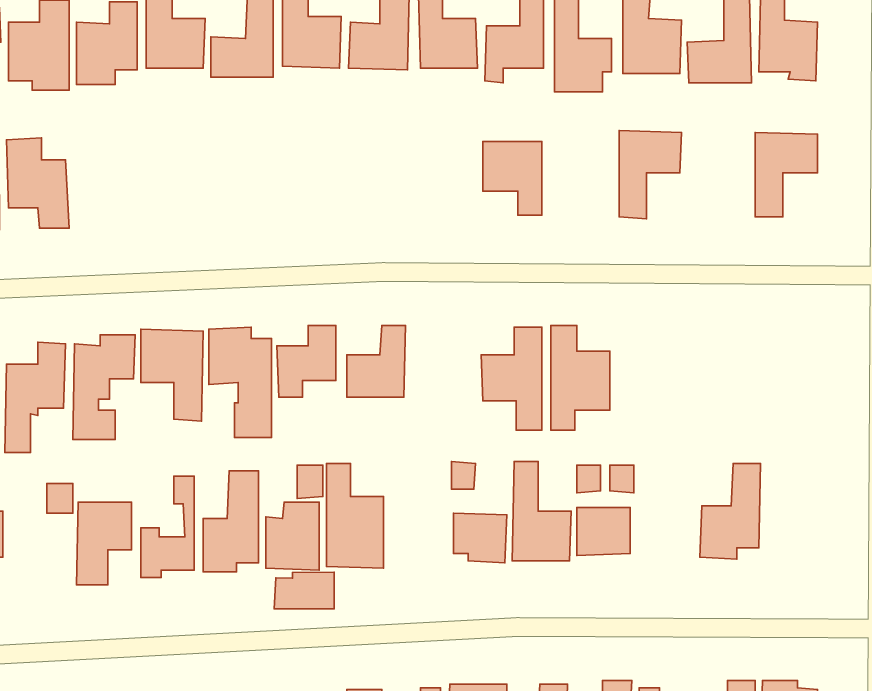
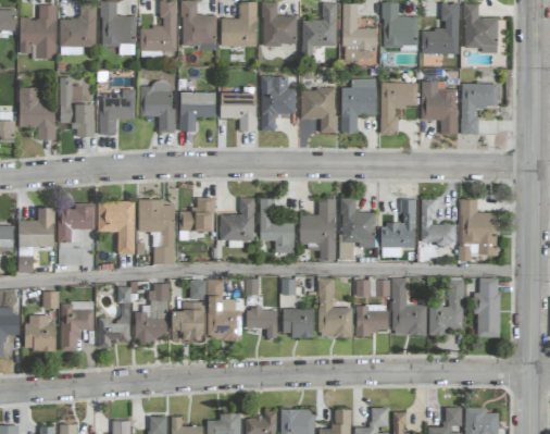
building: none -> [261,76,296,132]
building: none -> [59,78,93,137]
building: none -> [340,79,376,133]
building: none -> [421,82,457,134]
building: none -> [139,84,174,133]
building: none -> [100,89,135,135]
building: none -> [179,92,215,132]
building: none -> [220,94,255,132]
building: none -> [259,198,295,253]
building: none -> [380,199,415,258]
building: none -> [459,199,497,261]
building: none -> [421,200,455,245]
building: none -> [474,278,500,337]
building: none -> [391,280,426,335]
building: none -> [246,308,277,338]
building: none -> [25,315,55,351]
building: [274,572,334,609] -> none

